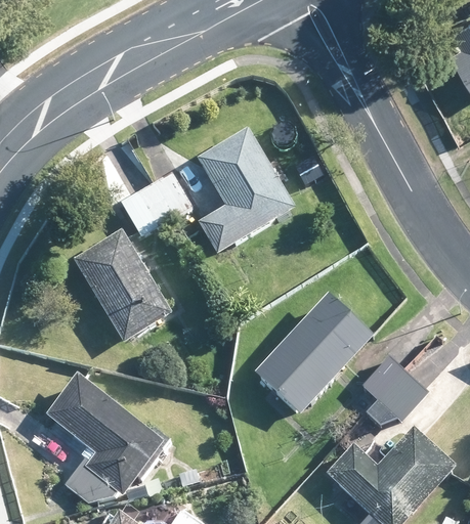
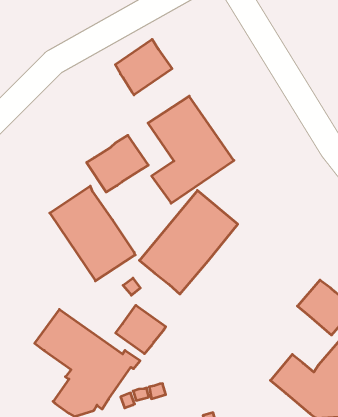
building: none -> [115,39,172,95]
building: [255,291,375,413] -> [139,190,238,294]
building: none -> [116,305,166,354]

